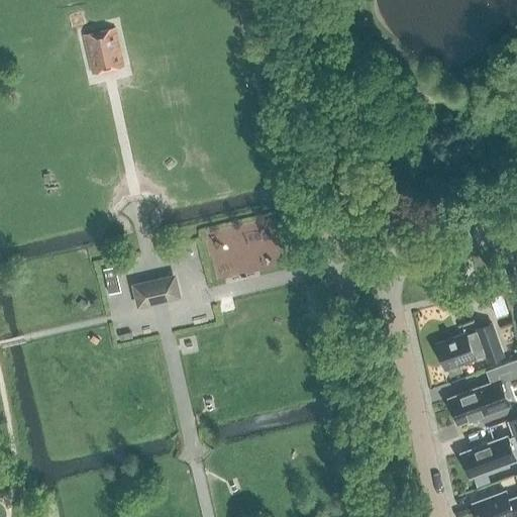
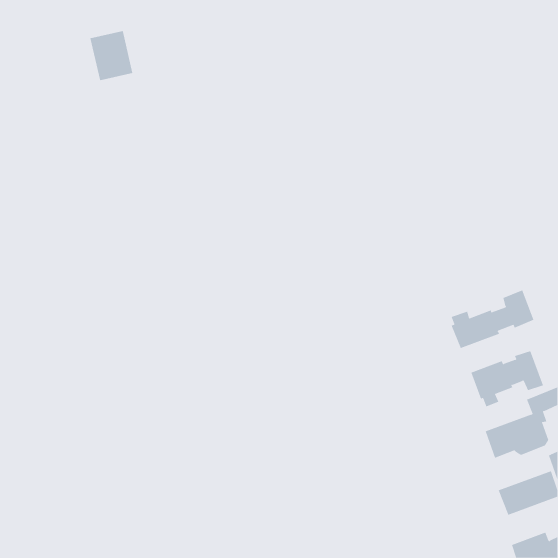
building: none -> [451,290,534,349]
building: [133,279,176,306] -> none

